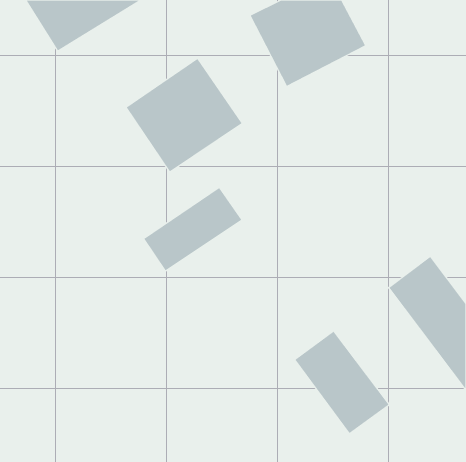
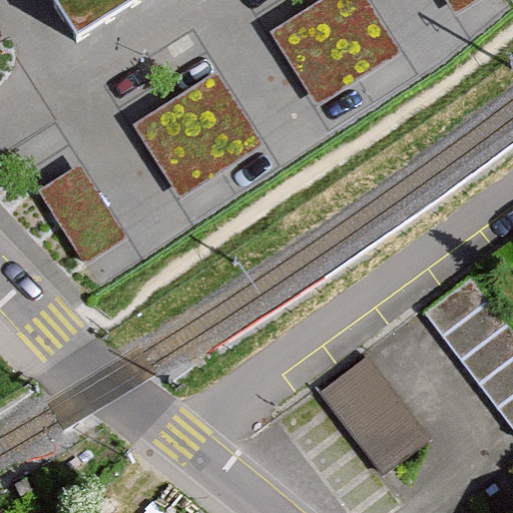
building: none -> [41,158,129,259]
building: [143,187,242,271] -> none

